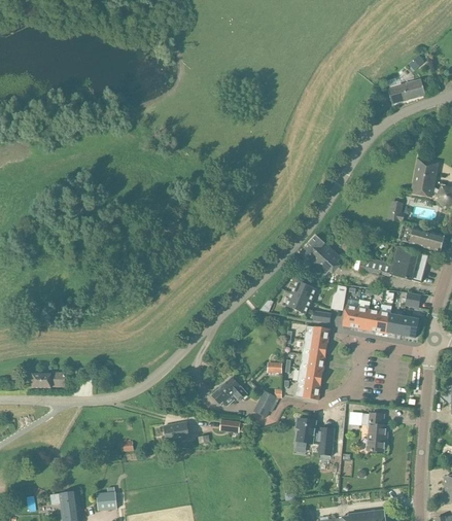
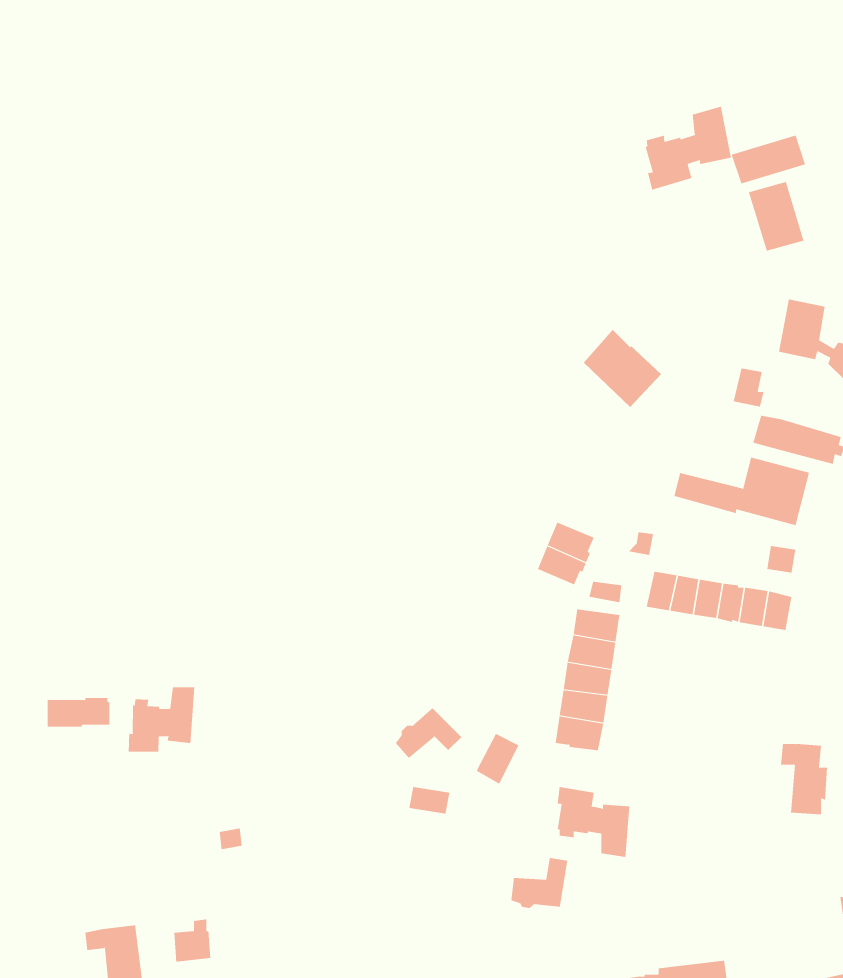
building: none -> [645,106,732,191]
building: none -> [748,181,804,252]
building: [301,234,342,275] -> [583,329,662,408]
building: none -> [128,686,195,753]
building: [362,413,387,450] -> [780,744,828,815]
building: [165,421,189,442] -> none
building: none -> [511,857,568,909]

